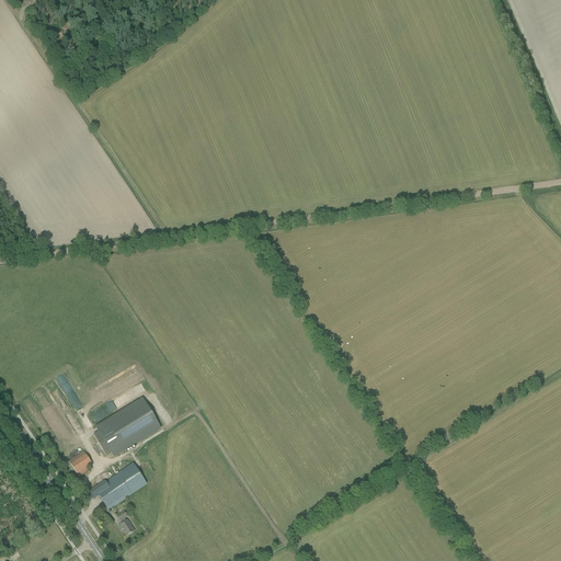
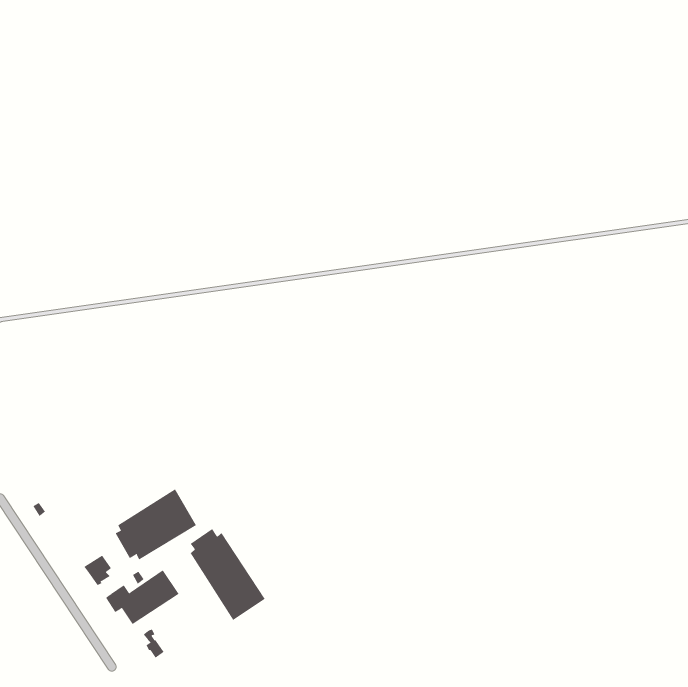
building: none -> [190,528,265,621]

